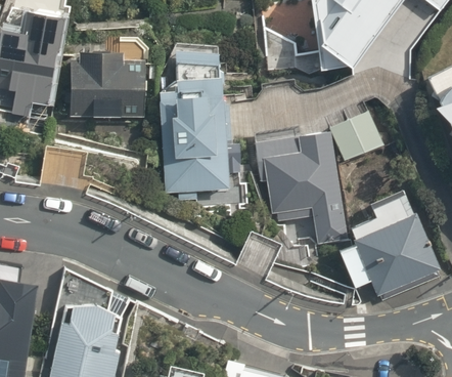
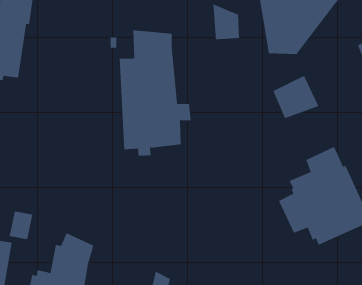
building: [70,51,145,116] -> none
building: [254,129,347,243] -> none

